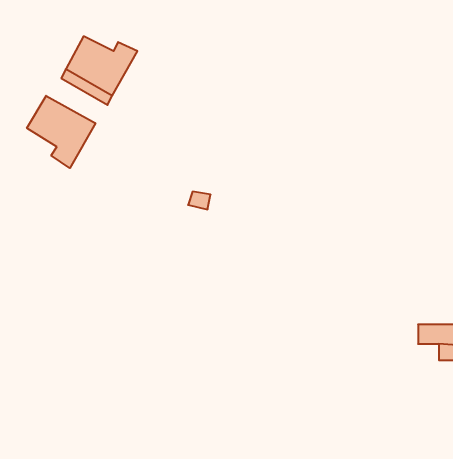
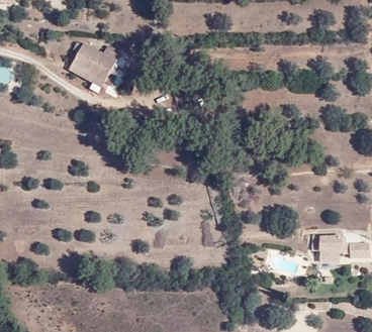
building: [27,96,95,168] -> none

